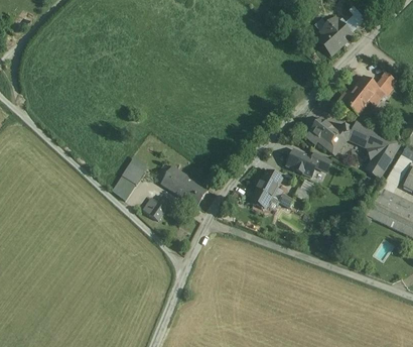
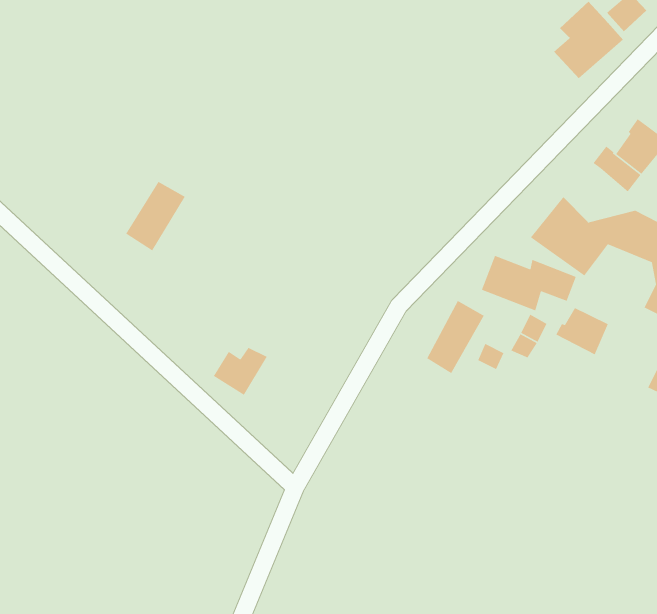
building: [113,162,144,199] -> [125,181,186,251]
building: [162,166,206,206] -> none
building: none -> [555,306,609,355]

